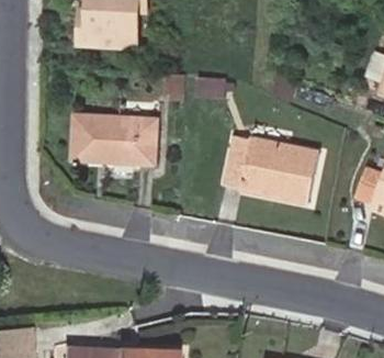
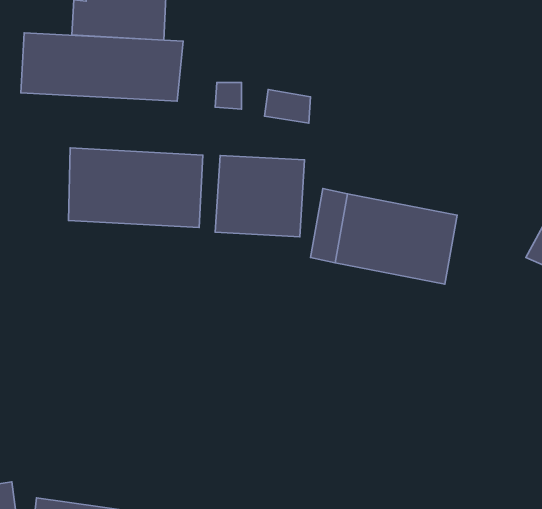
building: none -> [21,33,183,101]
building: none -> [215,155,305,237]

